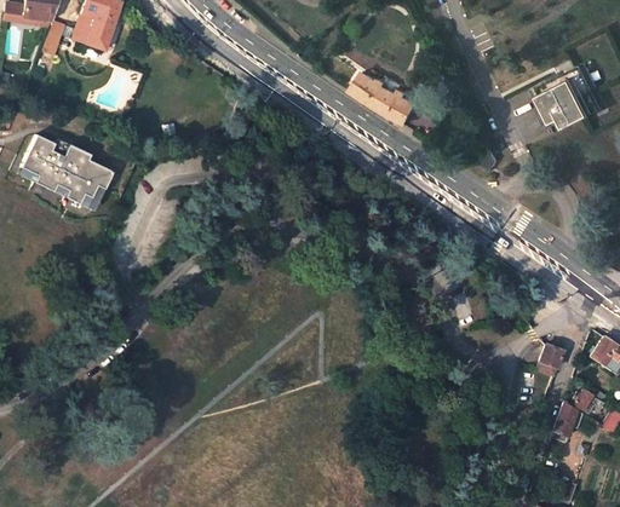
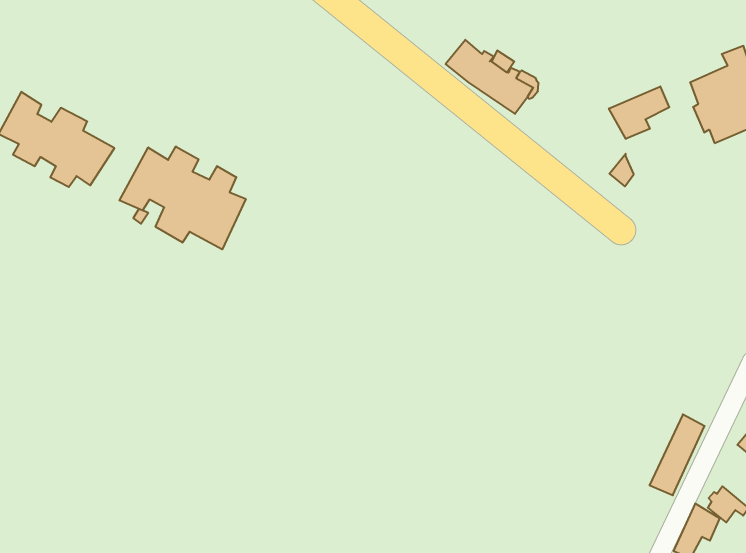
building: none -> [609,86,669,139]
building: none -> [119,146,246,249]

